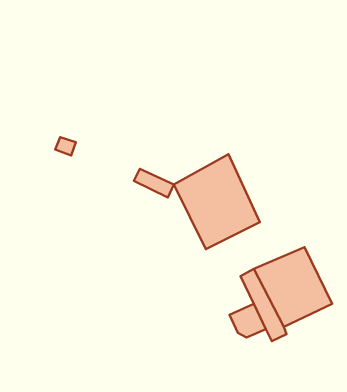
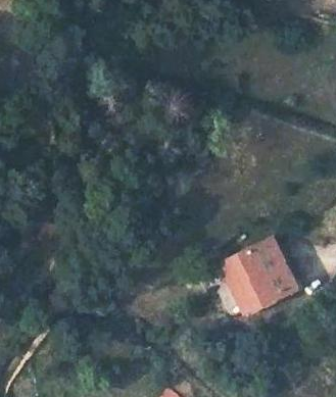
building: [174,154,260,249] -> none

